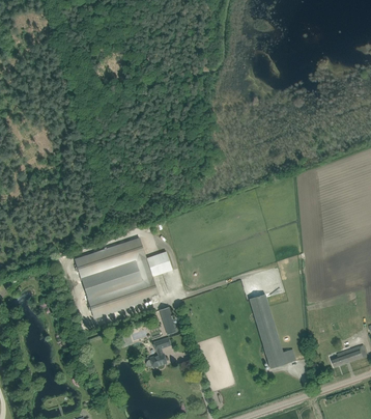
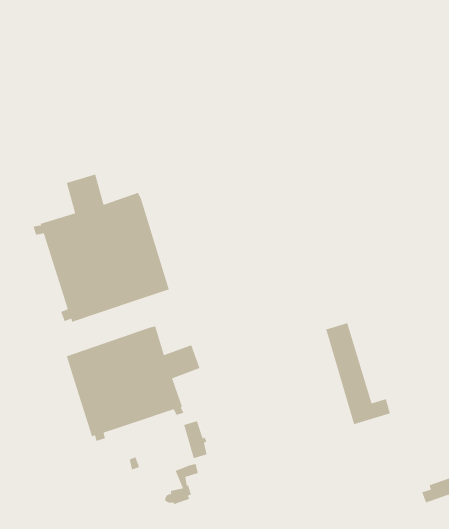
building: none -> [33,173,170,323]
building: [248,294,295,368] -> [325,322,391,425]

